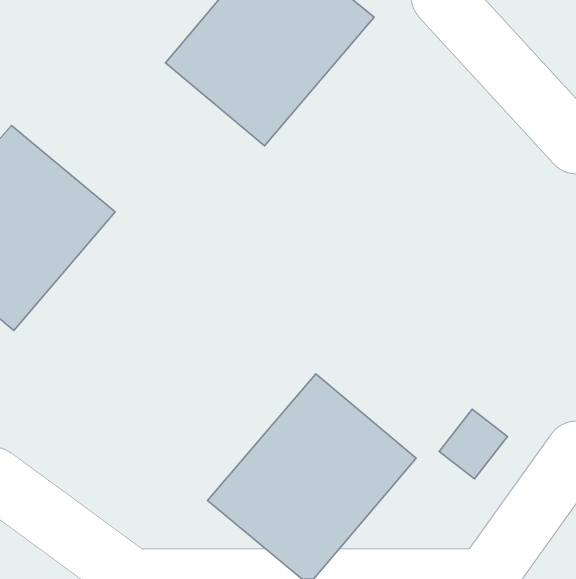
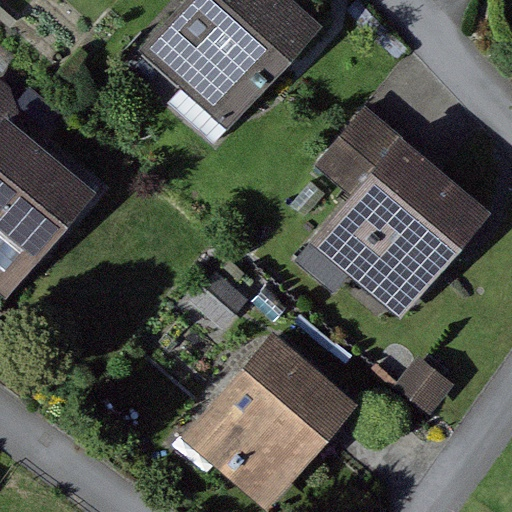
building: none -> [304,107,483,316]

